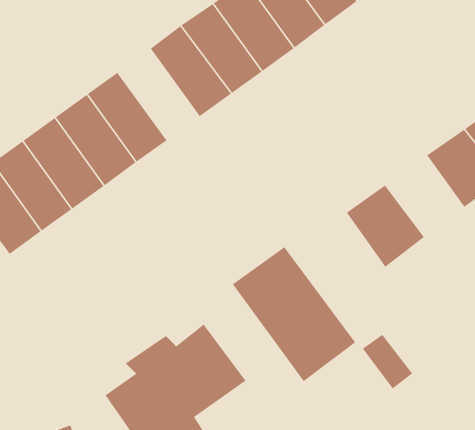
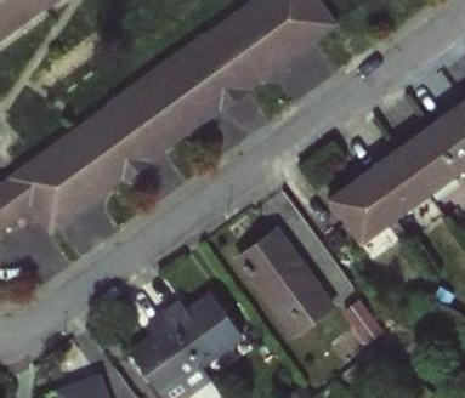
building: none -> [138,62,206,138]
building: none -> [361,150,426,218]

